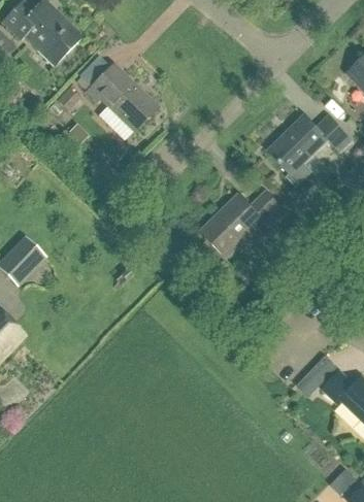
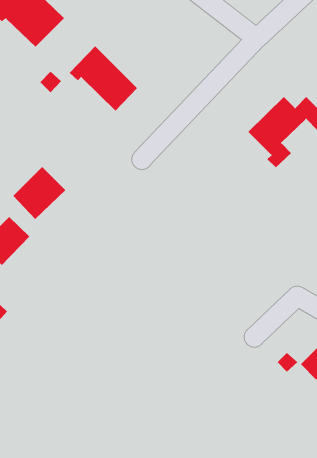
building: none -> [12,166,66,220]
building: [200,192,284,257] -> none

